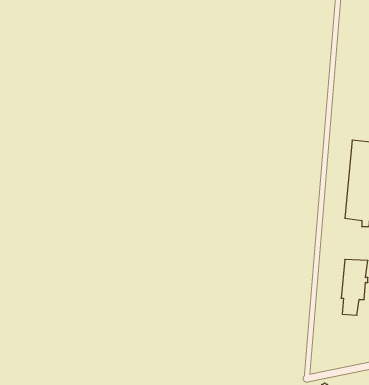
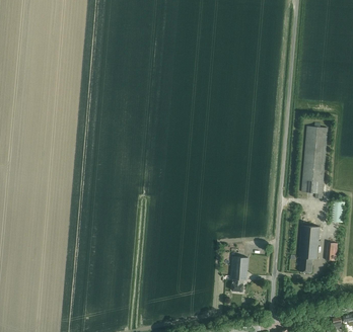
building: none -> [231,256,249,293]

